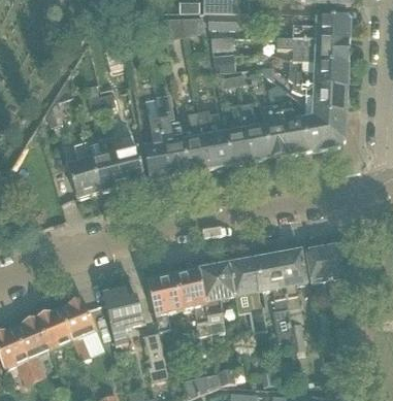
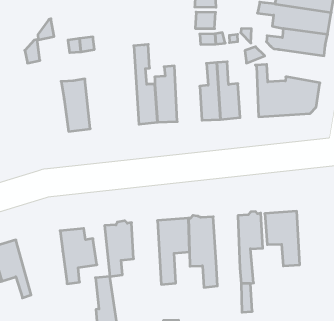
building: [290,80,348,111] -> none
building: [139,96,169,177] -> none
building: [261,101,289,156] -> none
building: [198,109,232,167] -> none
building: [109,129,145,185] -> none
building: [66,140,99,197] -> none
building: [255,254,288,310] -> none
building: [173,269,210,335] -> none
building: [59,296,96,359] -> none

